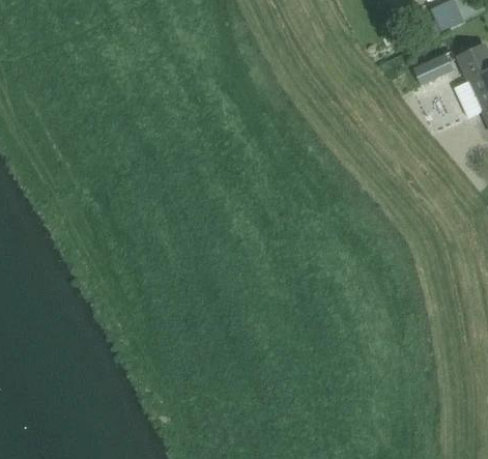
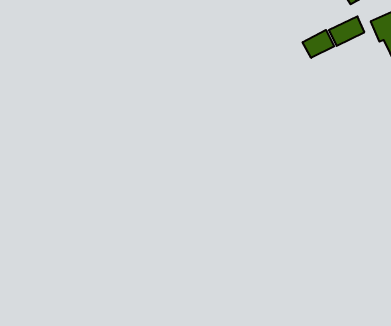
building: none -> [303,30,334,58]

